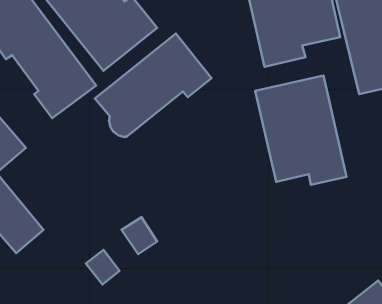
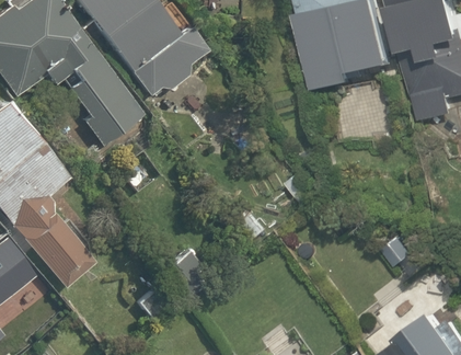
building: [95,34,211,137] -> none
building: [255,75,347,185] -> none

